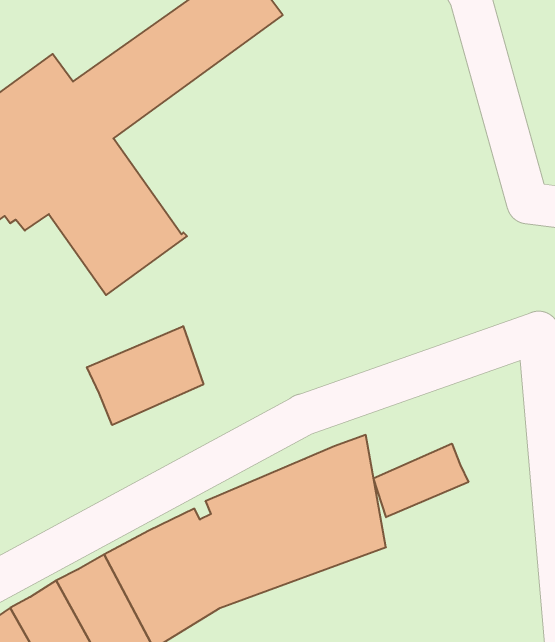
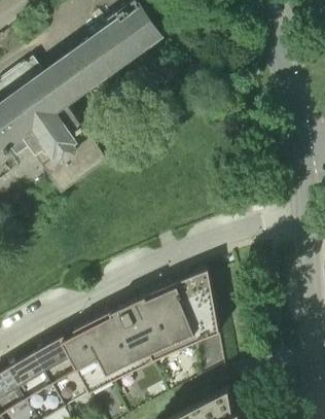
building: [87,326,203,425] -> none
building: [373,444,468,517] -> none

